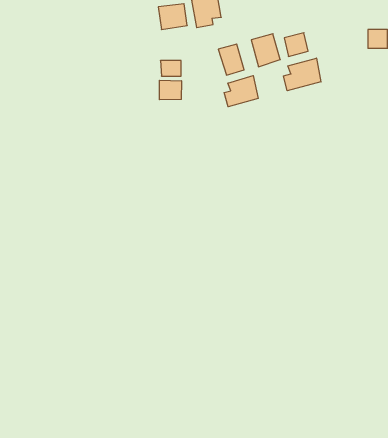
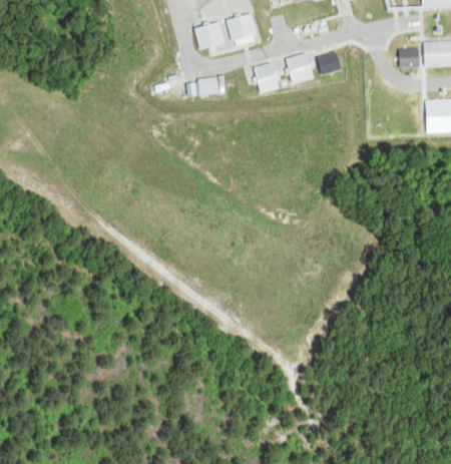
building: [283,58,321,91] -> none
building: [224,76,258,107] -> none
building: [159,80,181,100] -> none

